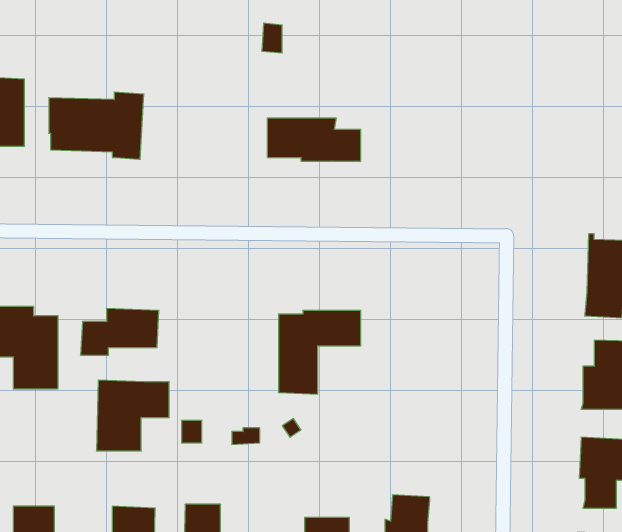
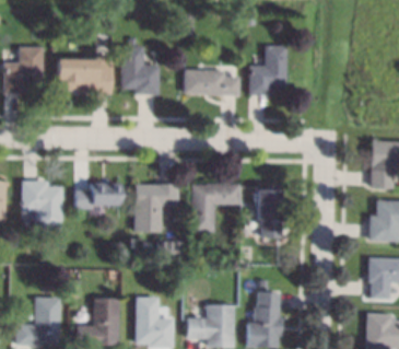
building: none -> [121,45,159,94]
building: none -> [249,46,287,95]
building: none -> [254,184,282,237]
building: [96,380,169,451] -> [134,184,177,225]

